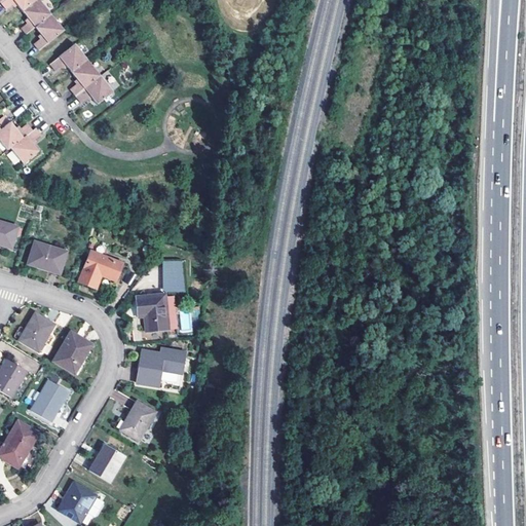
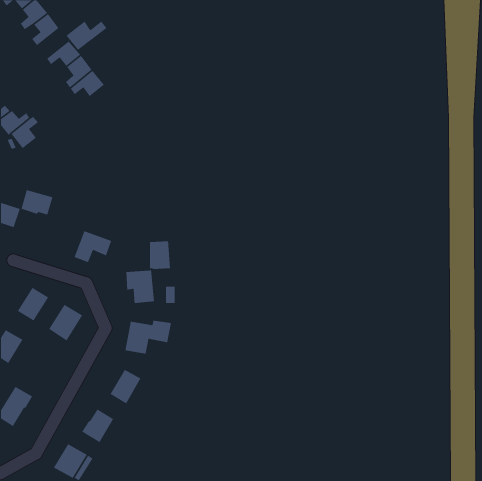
building: none -> [66,20,108,51]
building: [31,241,67,270] -> [21,189,54,216]
building: [29,378,67,421] -> none

